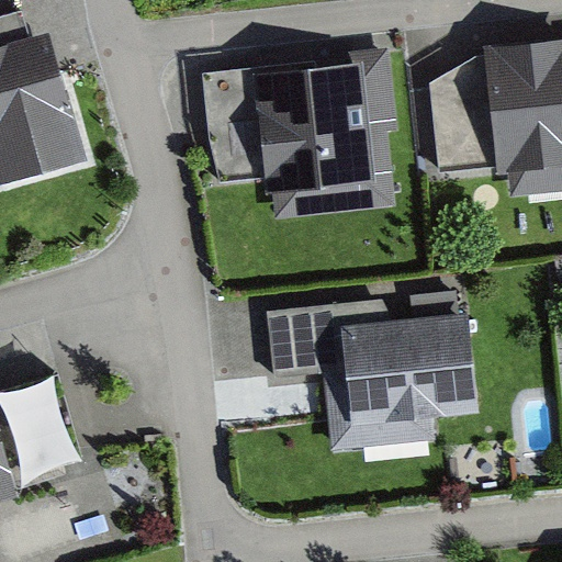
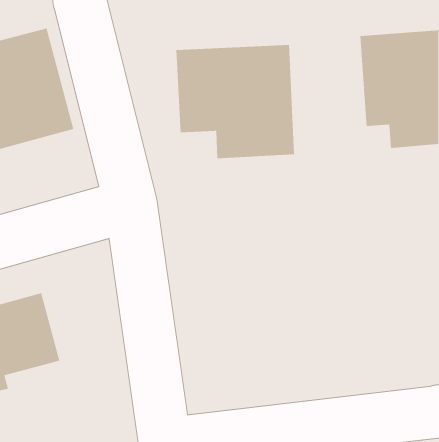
building: [274,306,492,458] -> none

